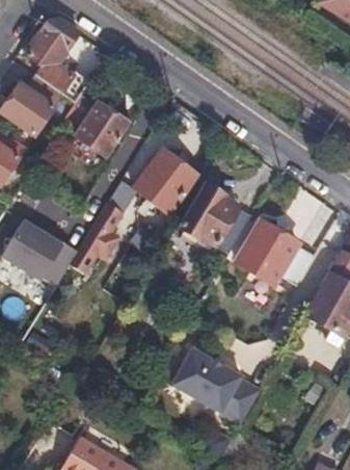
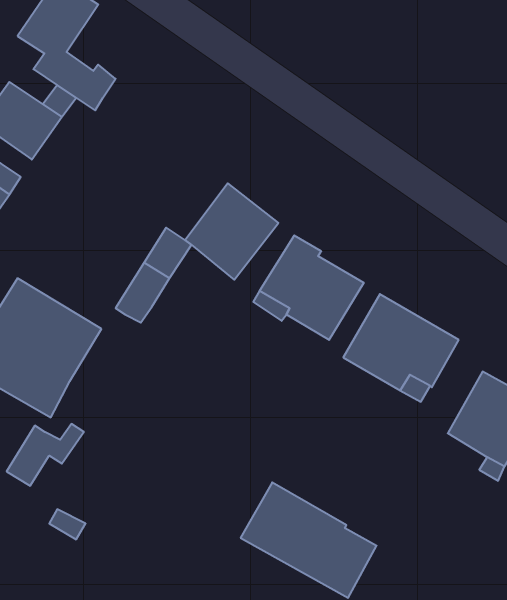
building: [63,94,127,156] -> none
building: [71,231,122,271] -> [7,424,84,486]

